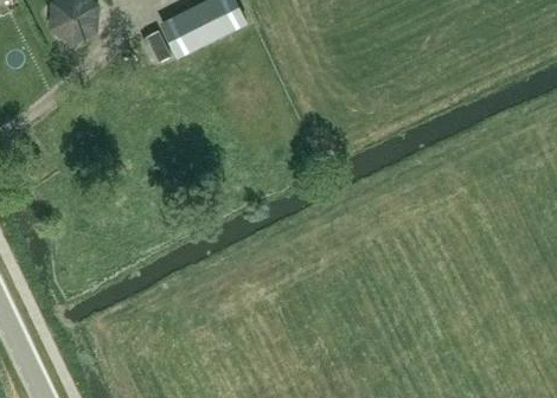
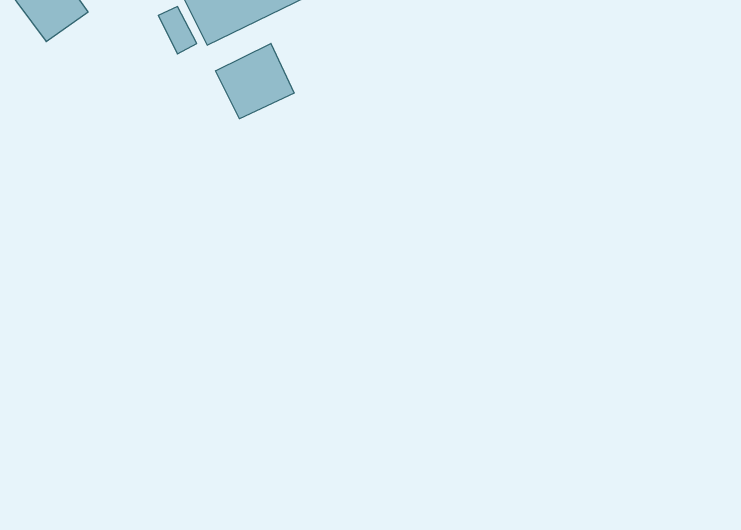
building: none -> [216,43,294,119]

